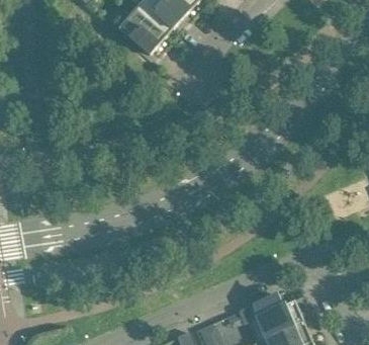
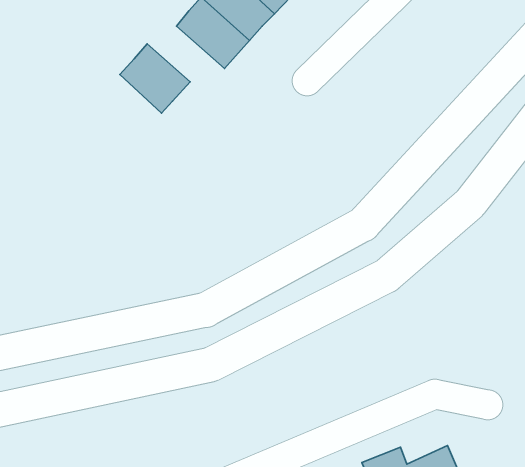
building: none -> [120,44,190,113]

